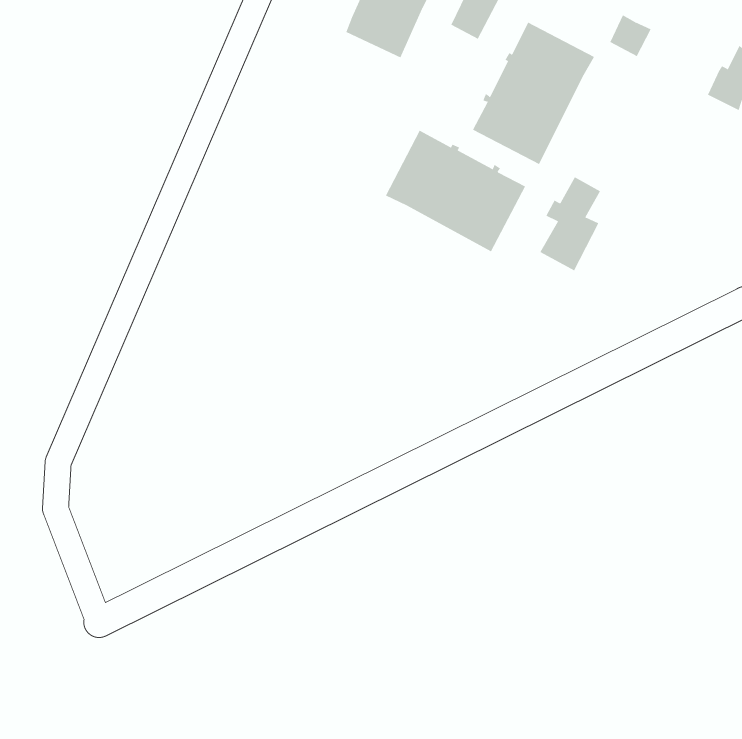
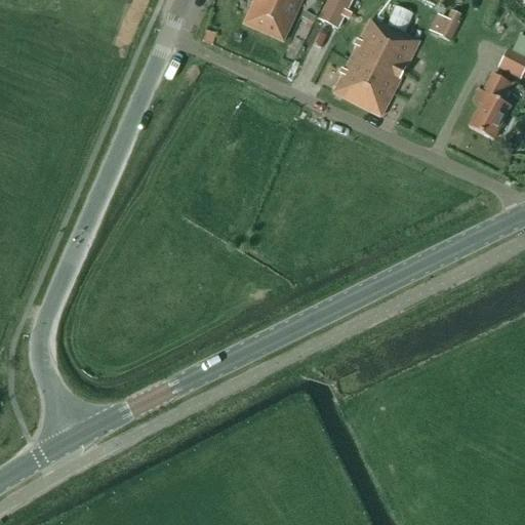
building: [385,130,526,252] -> none
building: [540,176,601,271] -> [470,72,513,138]

